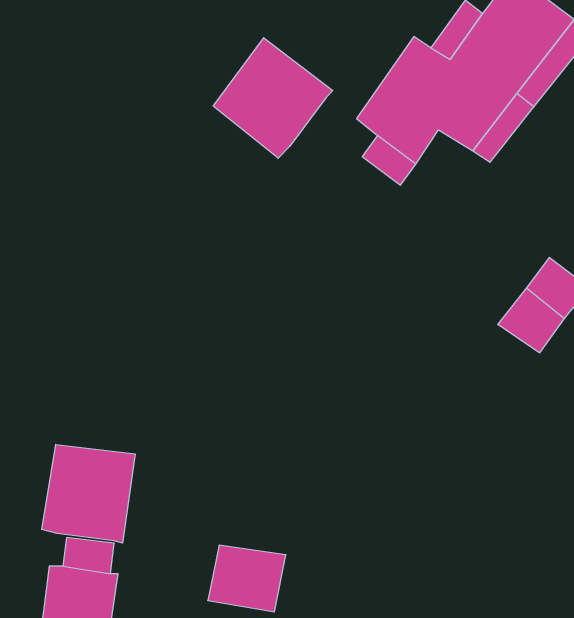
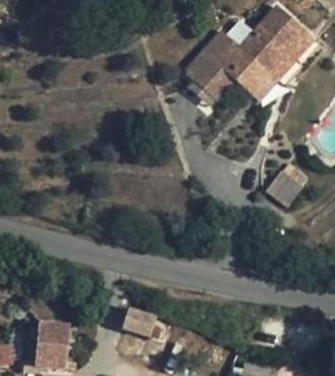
building: [213,38,333,158] -> none
building: [42,444,135,543] -> none

